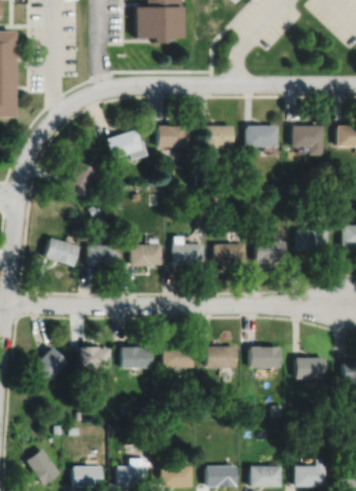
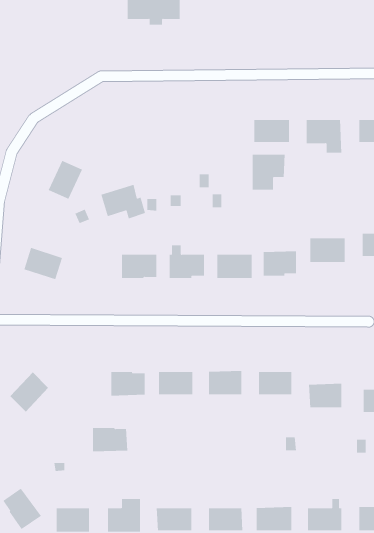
building: [158,125,189,147] -> none
building: [204,125,234,157] -> [252,154,286,190]
building: [108,129,148,160] -> [100,184,146,219]
building: [87,245,118,267] -> none
building: [79,347,111,369] -> [92,427,128,452]

